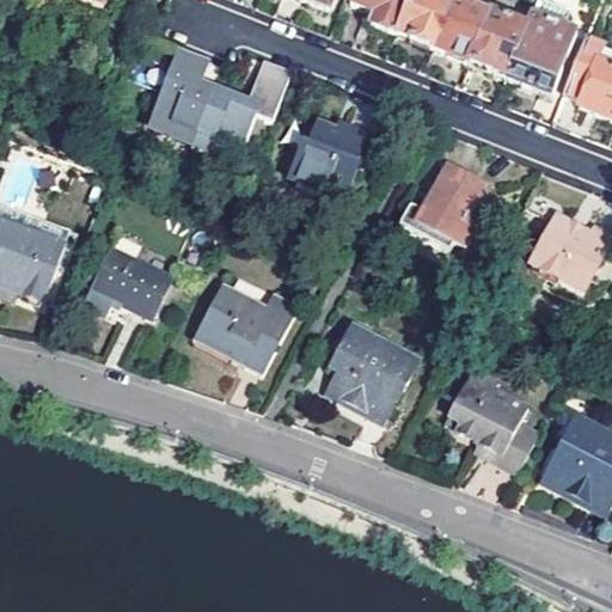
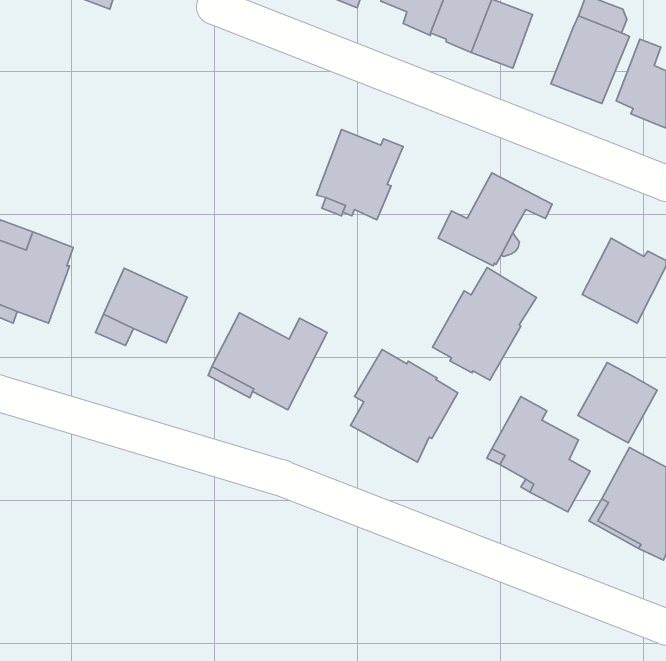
building: [469,11,524,76] -> none
building: [146,47,294,152] -> none
building: none -> [432,267,537,380]
building: none -> [578,363,657,443]

